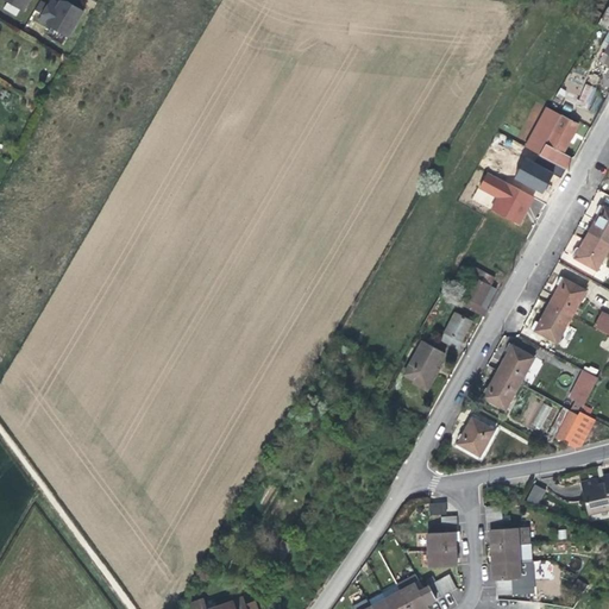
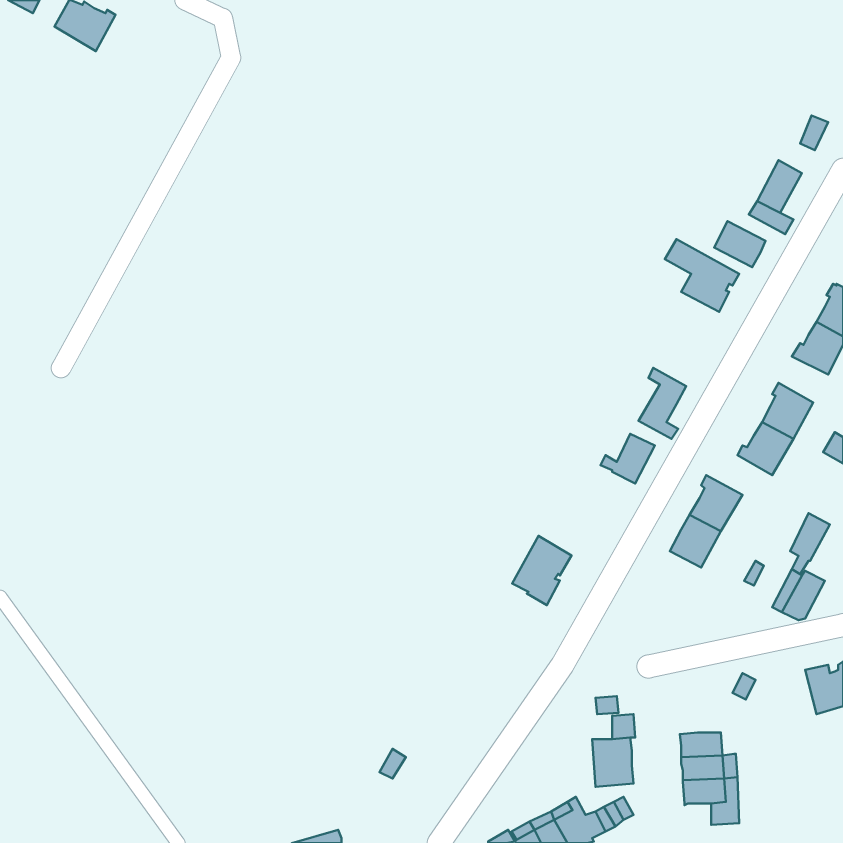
building: [525,107,561,155] -> none
building: [403,340,446,390] -> [512,536,571,605]
building: [458,417,495,457] -> none

